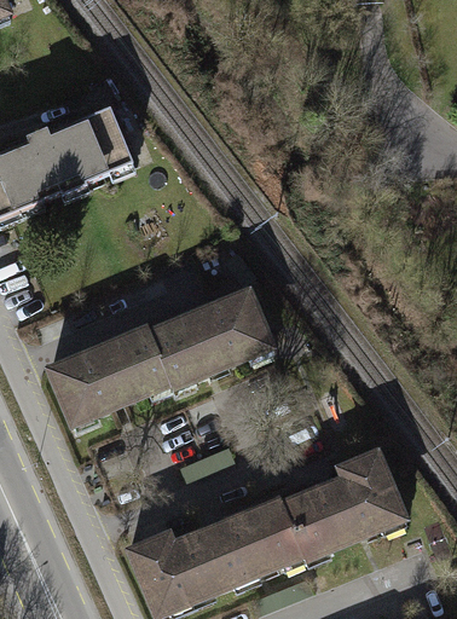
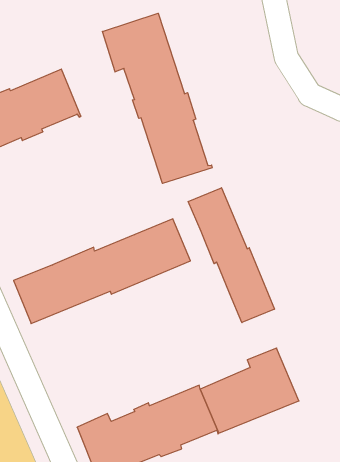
building: none -> [102,13,212,183]
building: none -> [188,188,274,323]

